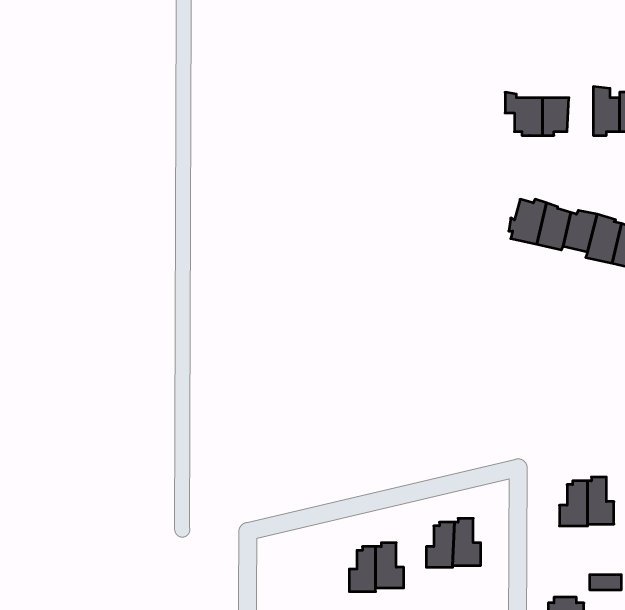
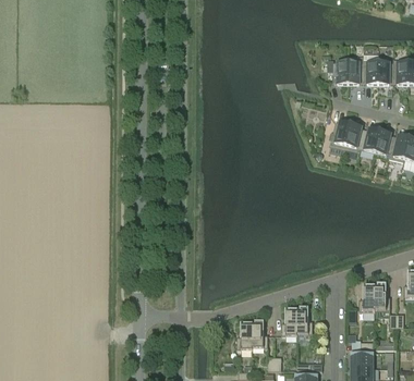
building: none -> [364,51,379,83]

